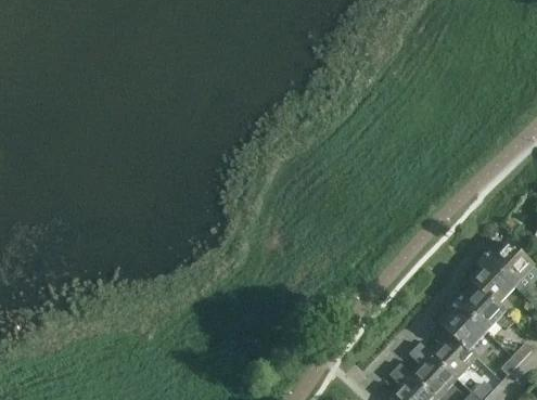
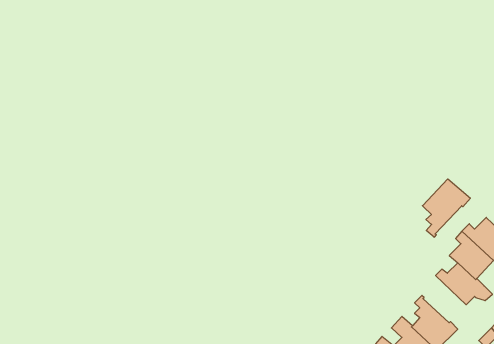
building: none -> [422,179,470,237]
building: [442,301,486,350] -> none

